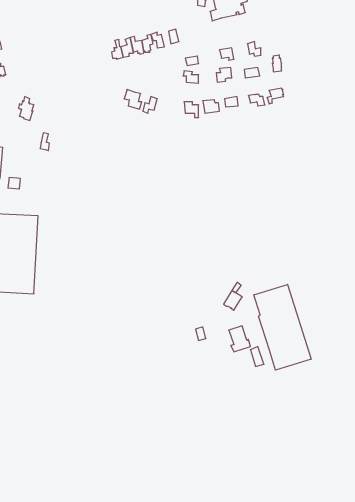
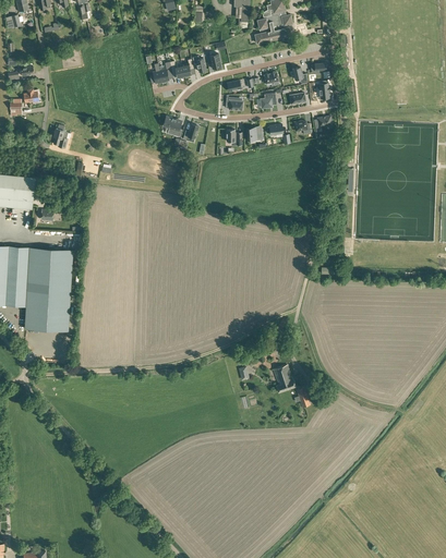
building: [254,284,311,370] -> none

